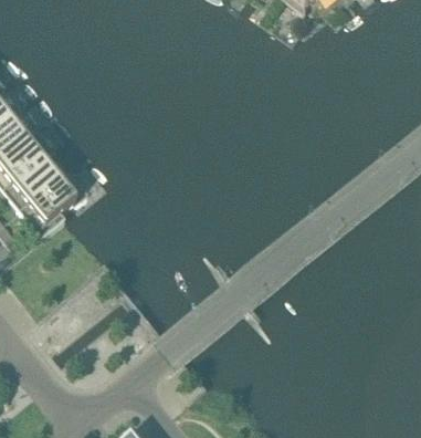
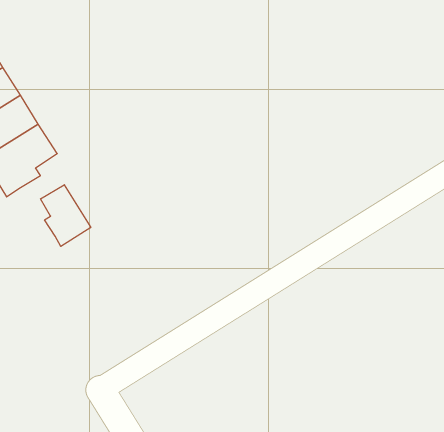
building: none -> [41,185,91,246]

